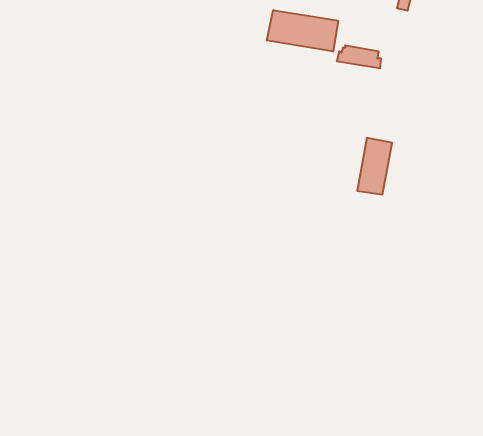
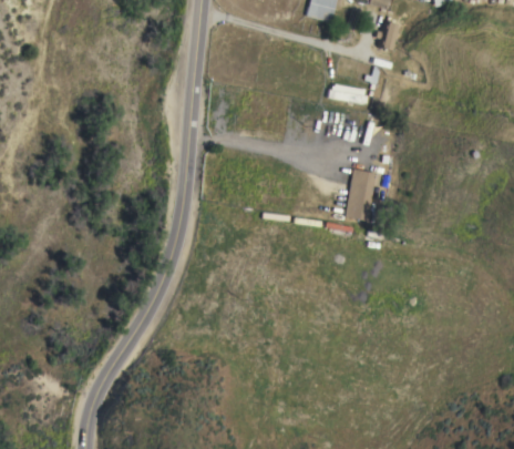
building: [267,10,338,52] -> none

